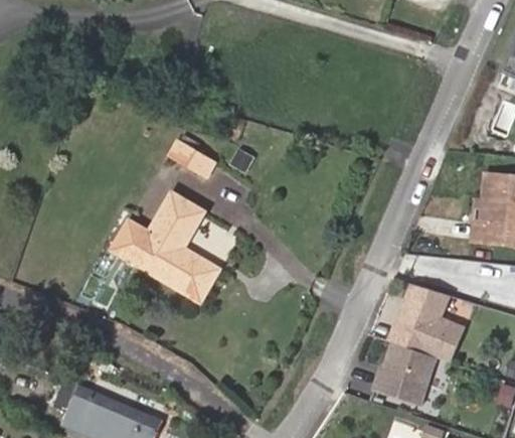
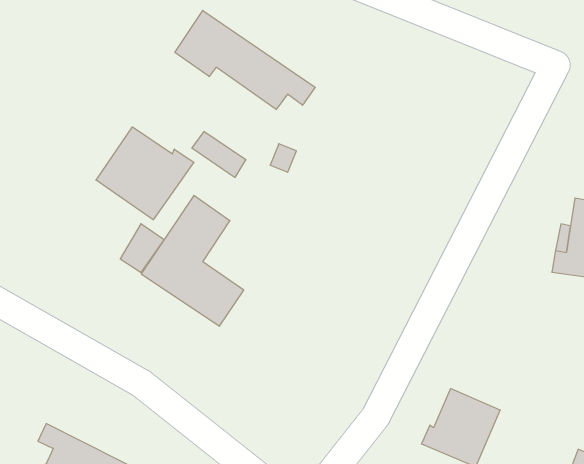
building: none -> [175,10,315,110]
building: none -> [96,127,194,220]
building: [388,280,466,361] -> none

